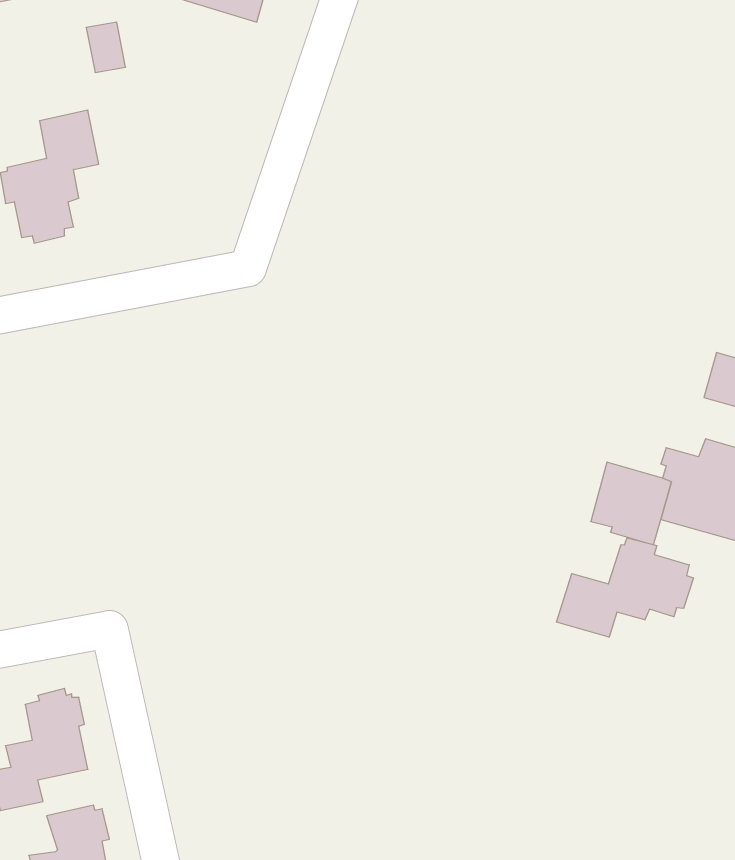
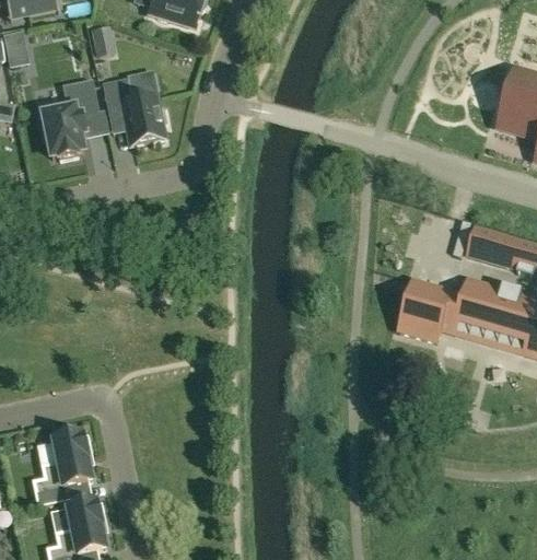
building: none -> [101,78,164,144]
building: none -> [408,276,444,303]
building: [557,538,694,637] -> none

